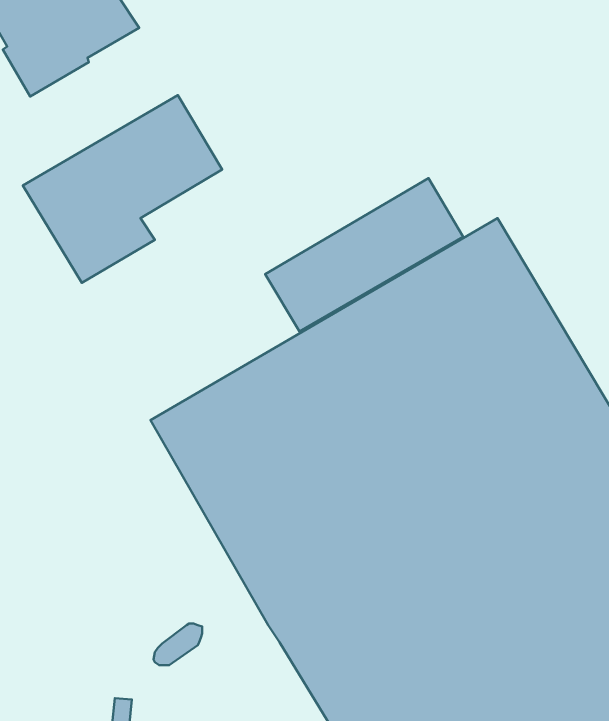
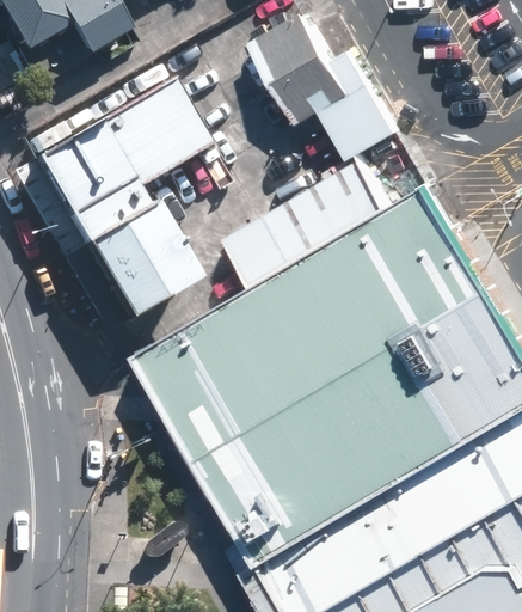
building: none -> [248,16,392,161]
building: none -> [74,201,190,319]

